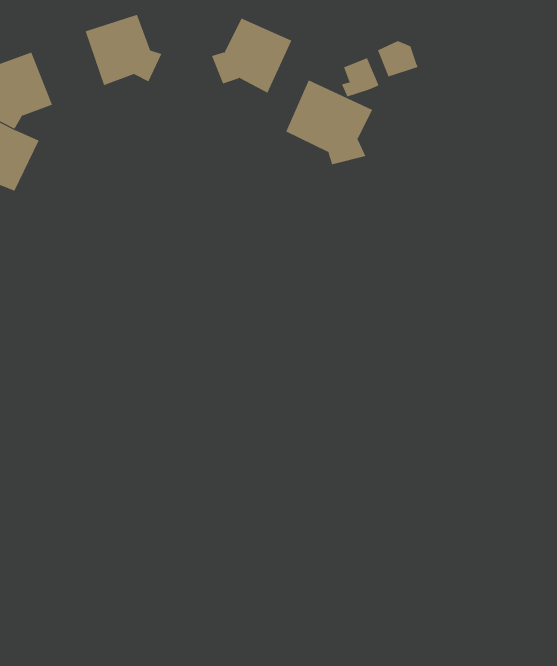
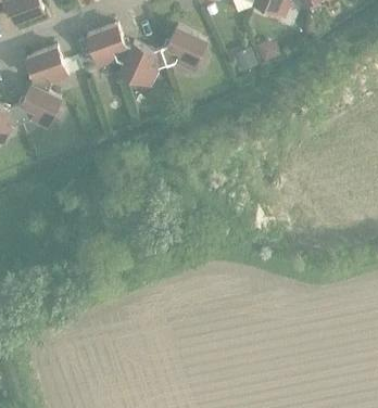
building: none -> [118,43,165,87]
building: [286,79,373,165] -> none

